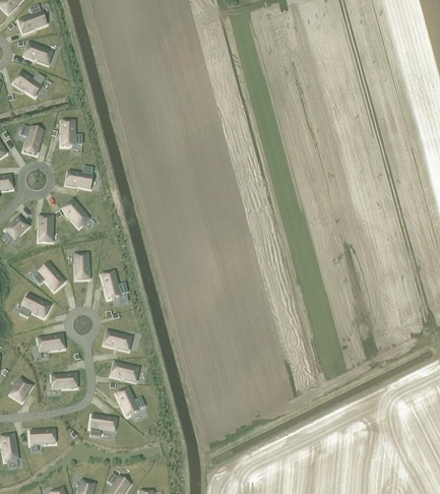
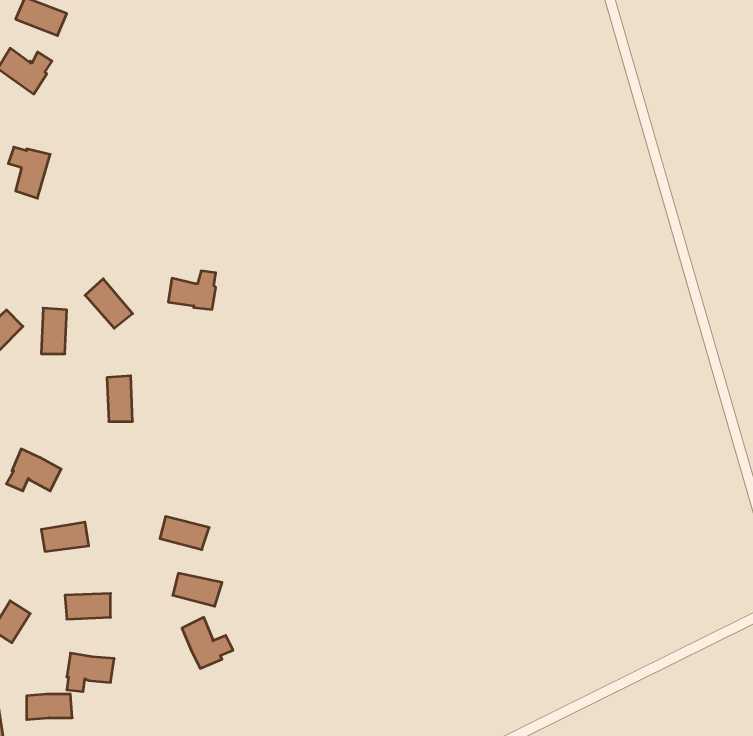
building: [61,121,81,145] -> none
building: [65,167,91,188] -> [168,271,216,309]
building: [33,262,64,291] -> none
building: [101,271,126,299] -> none
building: [89,415,116,436] -> [67,653,114,692]

